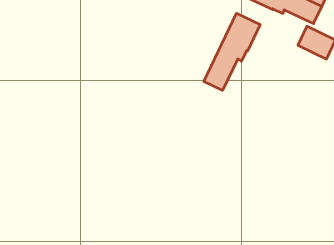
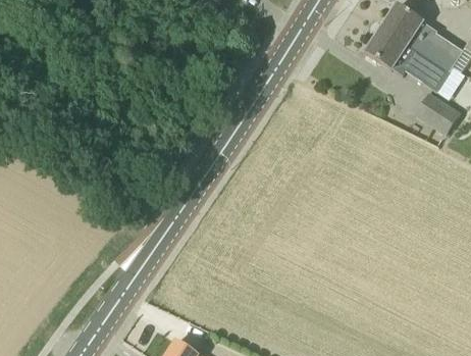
building: [204,13,260,90] -> none

